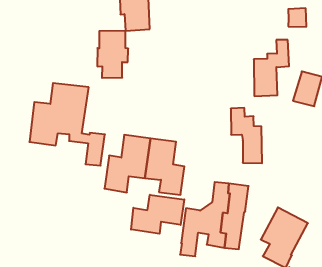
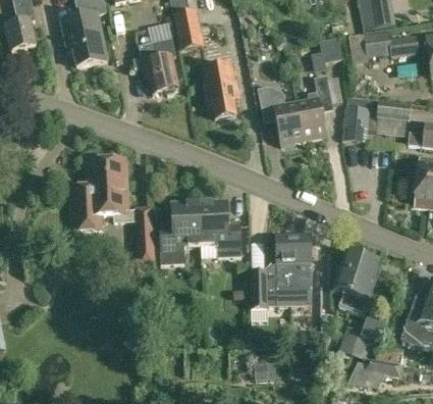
building: [97,31,128,78] -> [203,63,238,117]
building: [231,108,262,163] -> [258,85,301,143]
building: [131,195,184,234] -> none

